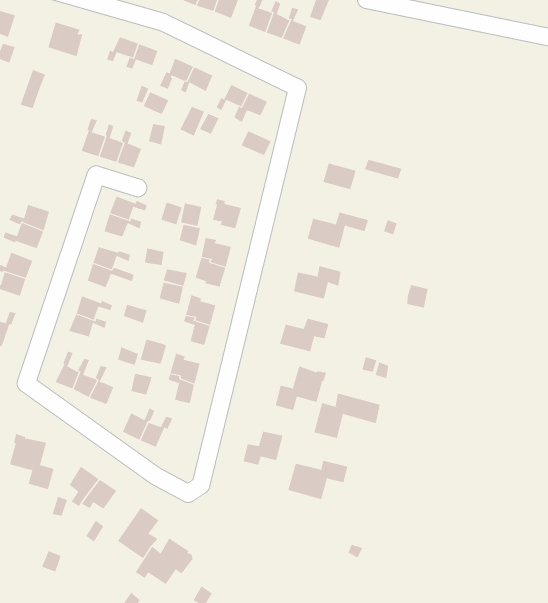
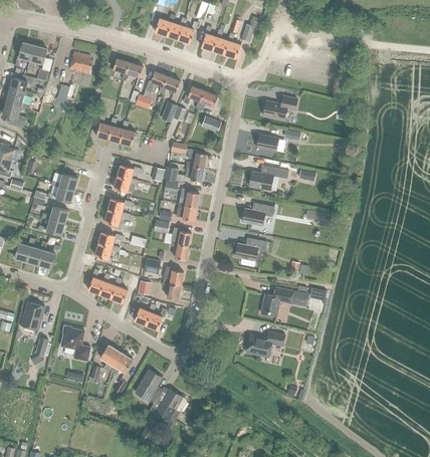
building: none -> [263,96,297,121]
building: none -> [170,142,206,168]
building: [275,366,327,411] -> none
building: [243,431,283,466] -> none

